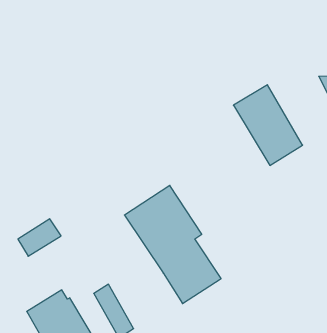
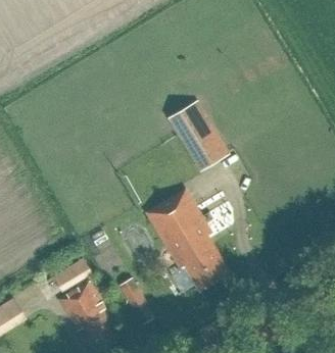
building: [233,85,303,165] -> [163,96,226,168]
building: [18,219,61,256] -> [52,257,91,291]

